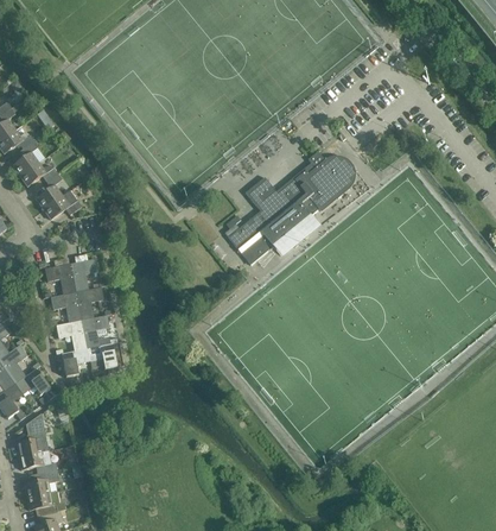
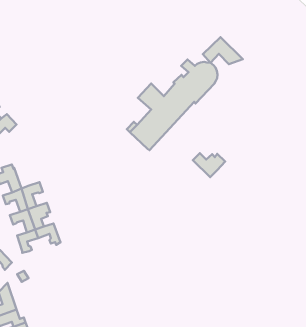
building: none -> [203,37,243,64]
building: [70,254,97,291] -> none
building: none -> [193,153,225,177]

